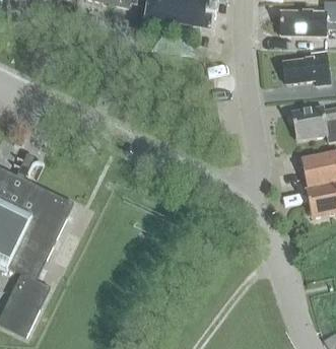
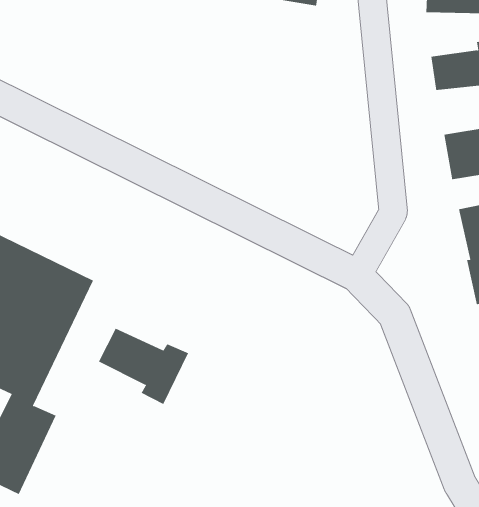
building: none -> [98,328,189,405]

